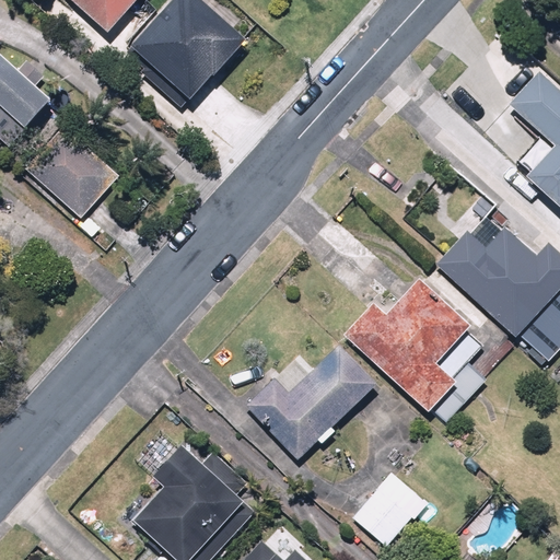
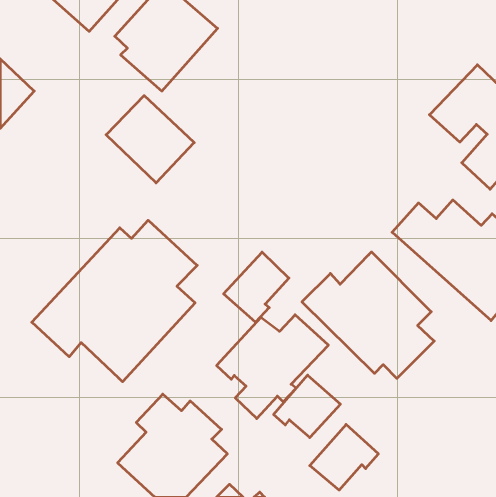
building: [23,121,121,219] -> [106,96,194,183]
building: none -> [32,220,197,382]
building: none -> [224,252,289,322]
building: none -> [274,375,340,438]

